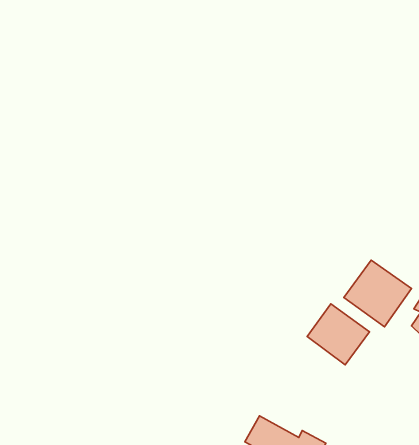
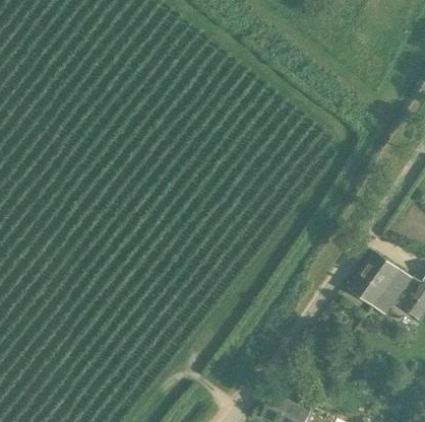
building: [307,304,369,365] -> none

